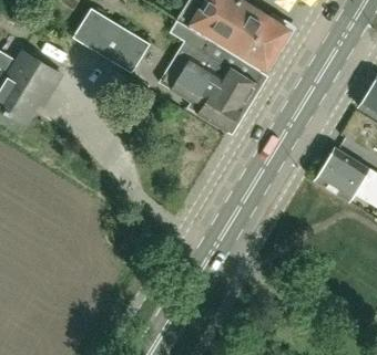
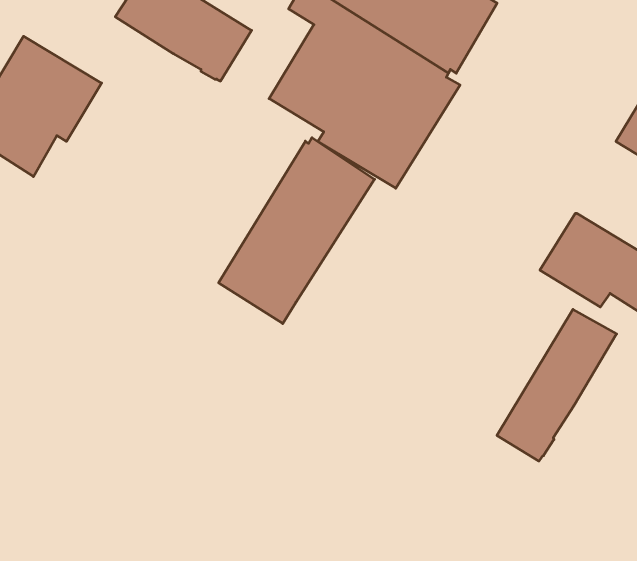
building: none -> [219,138,375,324]
building: none -> [497,309,617,461]

